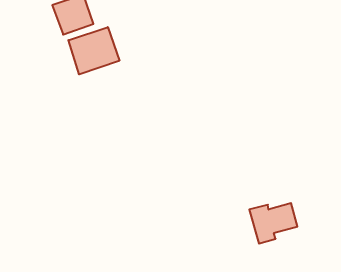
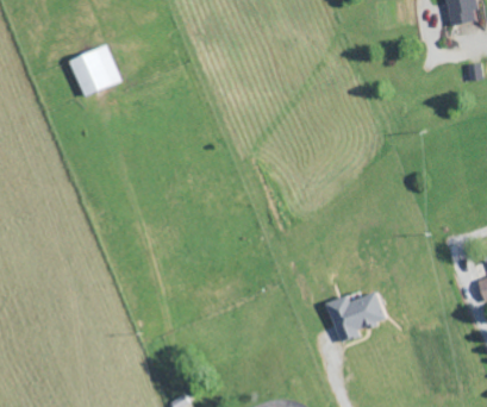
building: [68,27,119,74] -> none

